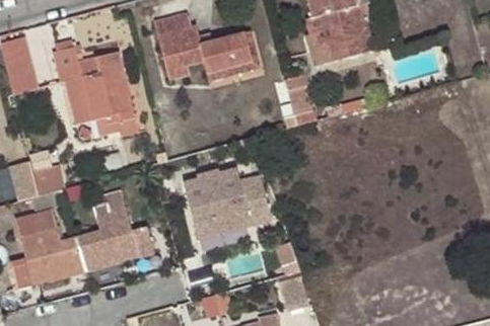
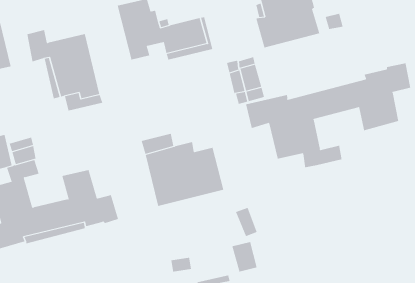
building: none -> [245,63,411,168]

